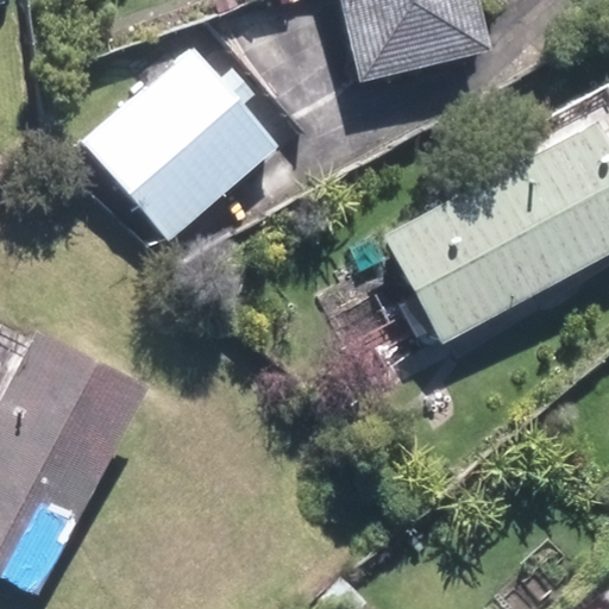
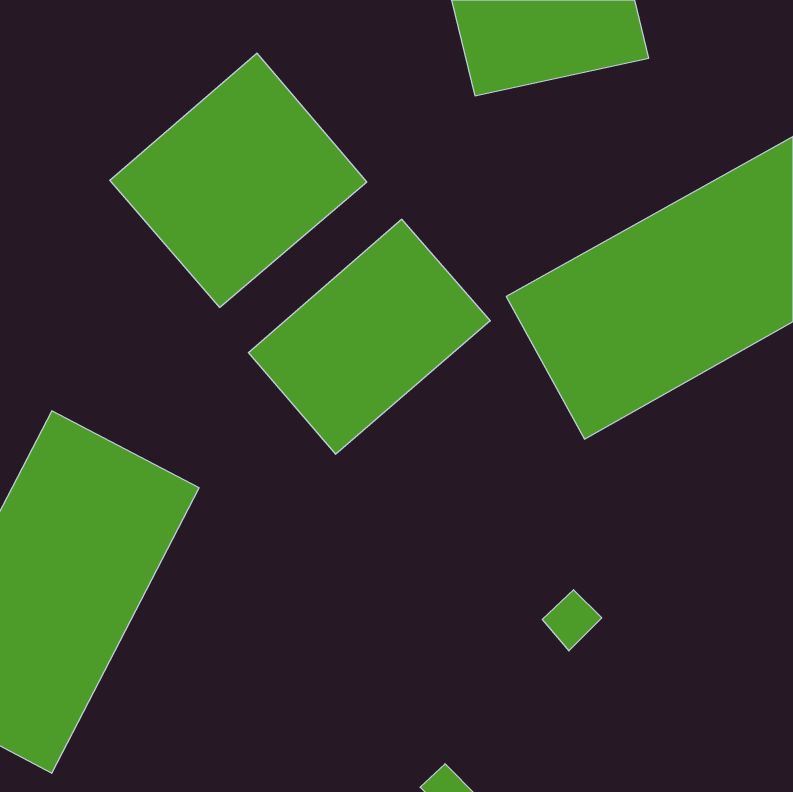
building: none -> [248,219,490,454]

